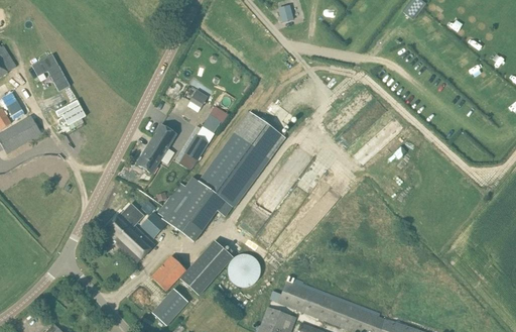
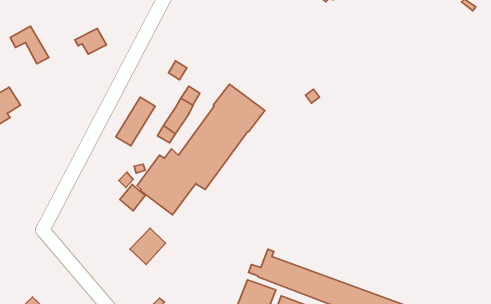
building: [55,99,87,124] -> [75,29,106,54]
building: [103,211,155,262] -> none
building: [179,241,261,297] -> none
building: [152,288,187,325] -> none

